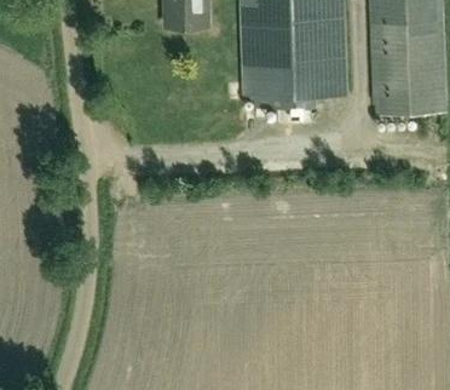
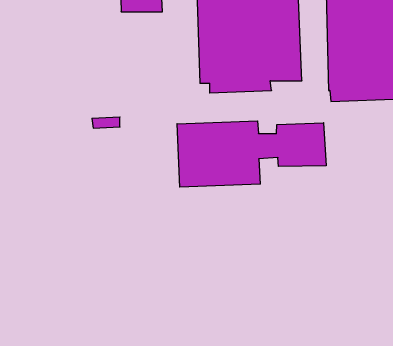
building: none -> [177,121,326,187]

